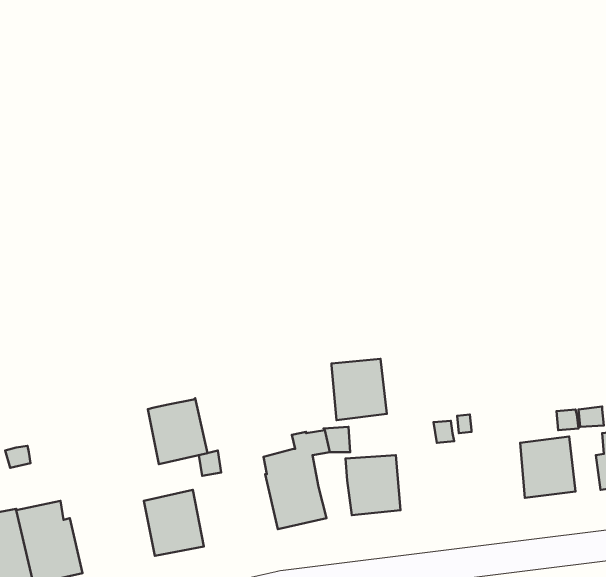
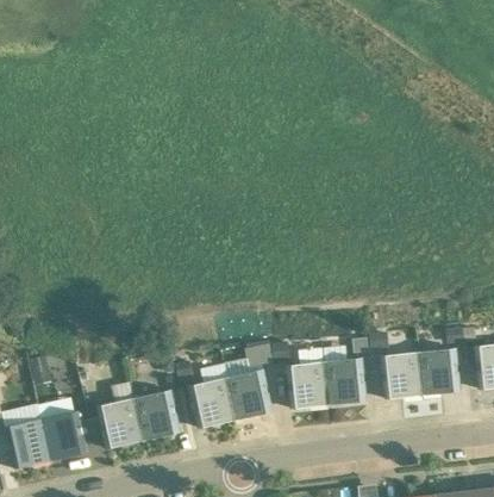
building: [332,359,387,420] -> [325,358,367,404]
building: [148,398,208,464] -> [190,377,236,427]
building: none -> [381,353,423,398]
building: none -> [98,397,143,447]

